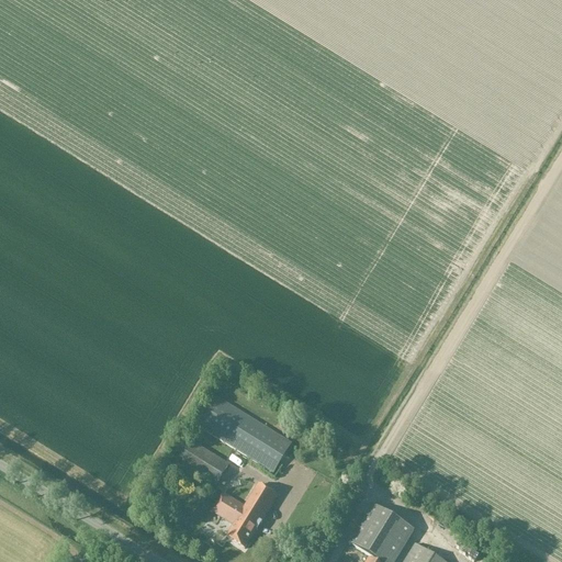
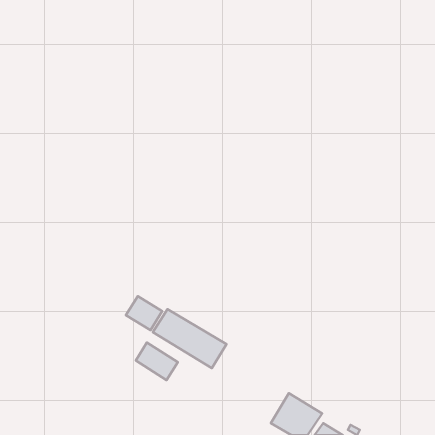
building: none -> [126,296,162,330]
building: [214,483,278,548] -> none

